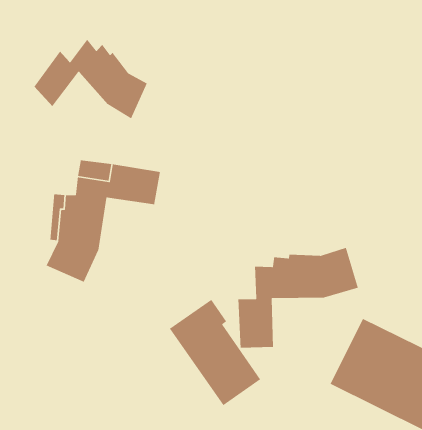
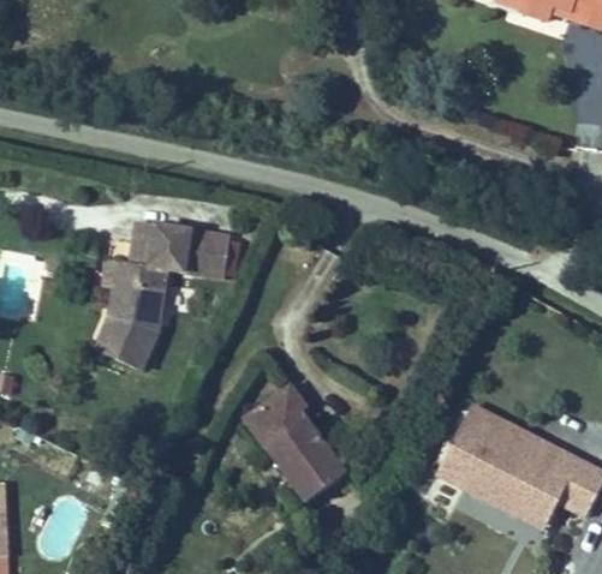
building: [33,38,148,119] -> none
building: [238,247,359,348] -> none

